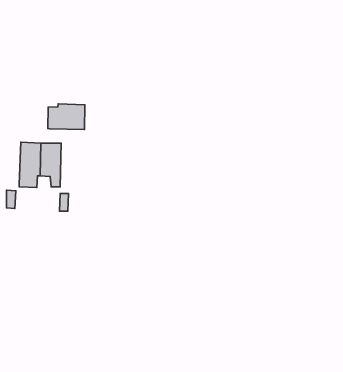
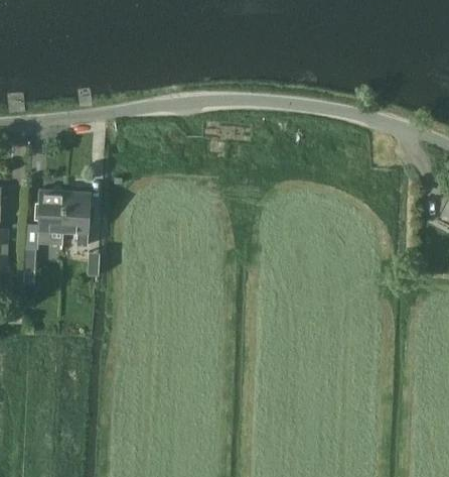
building: [48,104,85,129] -> none

